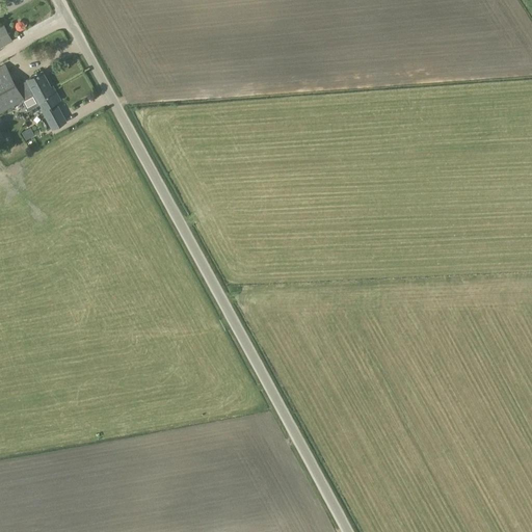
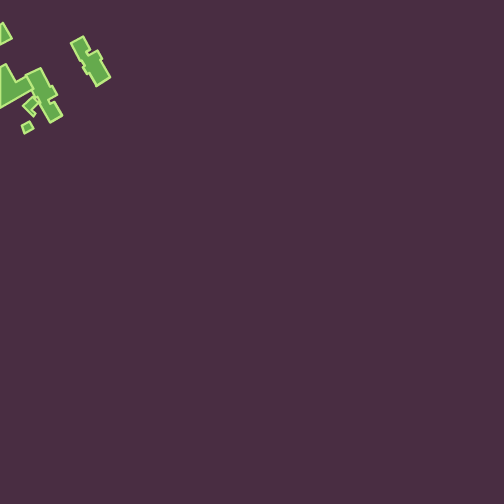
building: none -> [71,36,110,86]

